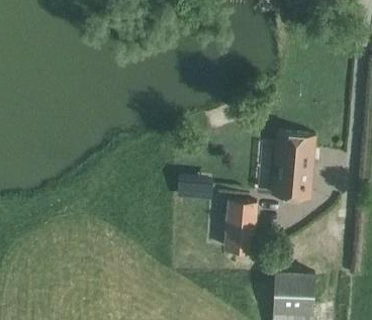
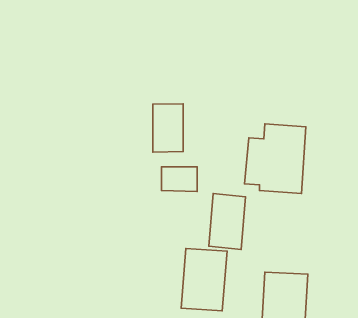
building: none -> [153,104,183,152]
building: none -> [181,248,227,311]

